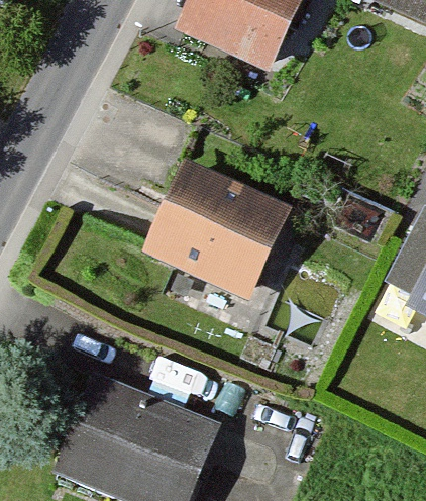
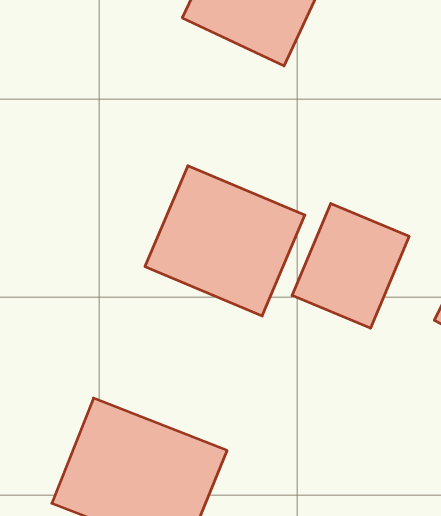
building: none -> [292,203,409,328]

